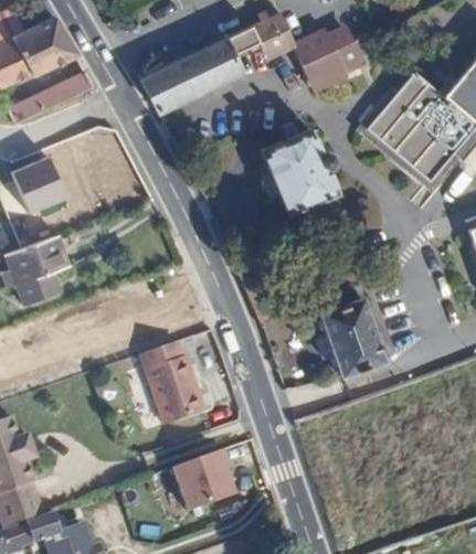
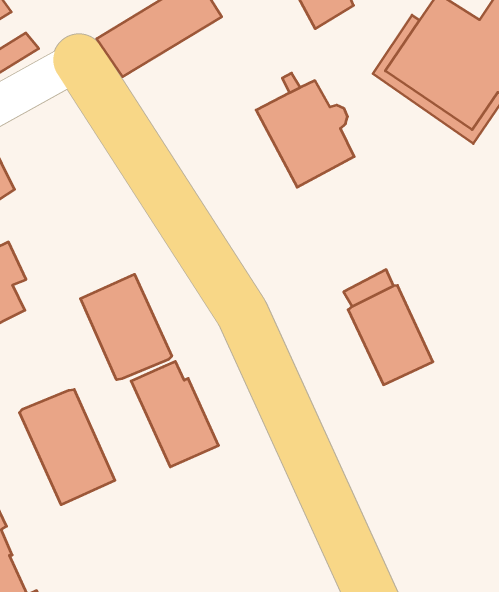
building: none -> [80,274,172,380]
building: none -> [19,389,115,505]
building: [171,451,235,512] -> none

